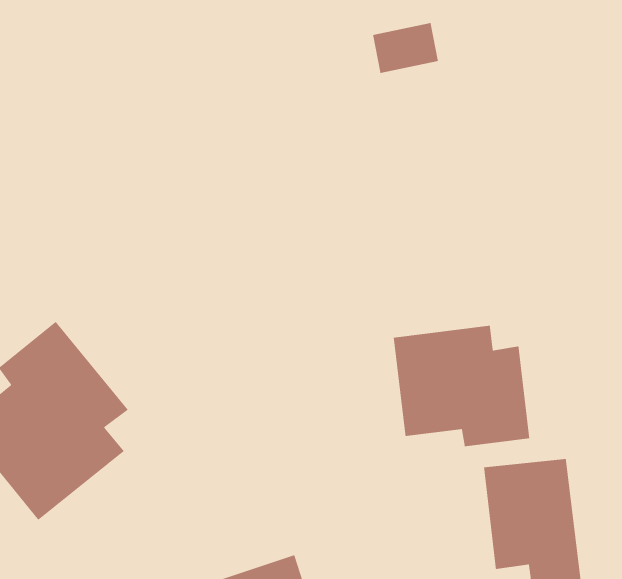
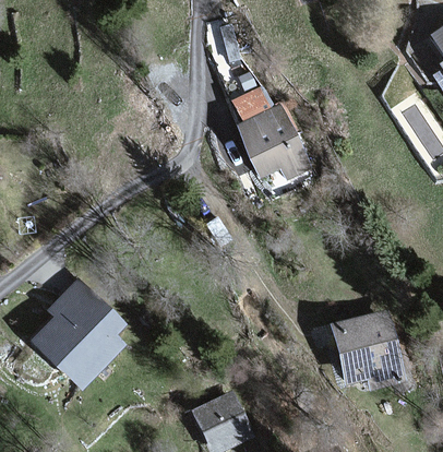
building: none -> [238,112,311,181]
building: [393,325,530,447] -> none

